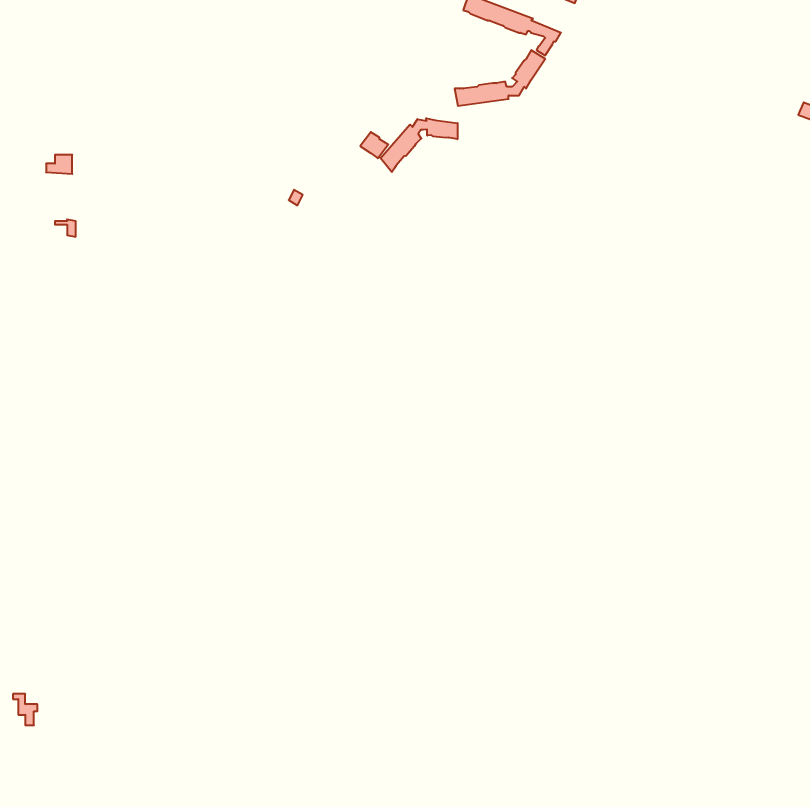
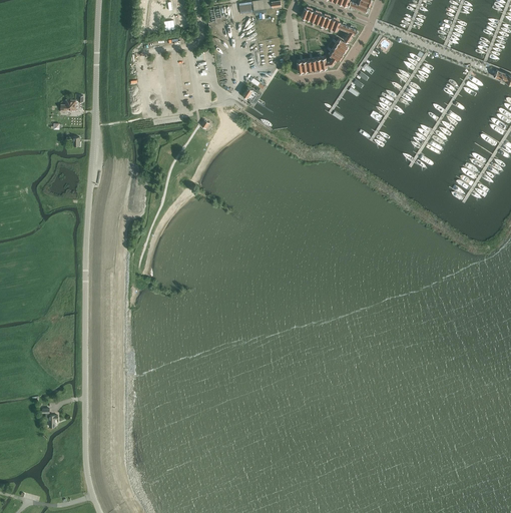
building: [380,118,458,172] -> none

